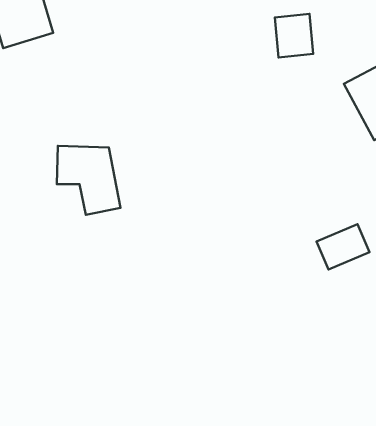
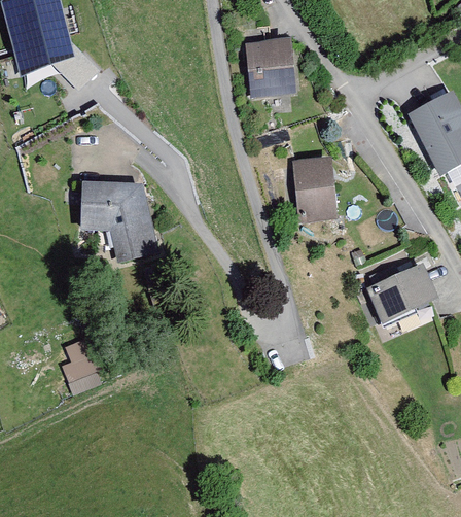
building: [275,14,313,58] -> [246,43,289,93]
building: none -> [294,161,333,212]
building: none -> [62,341,100,384]

